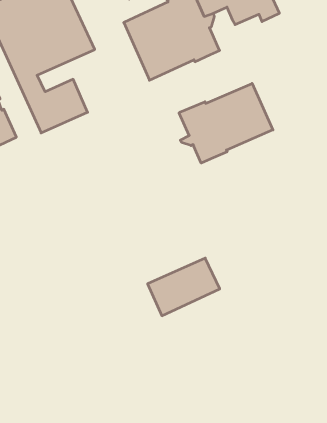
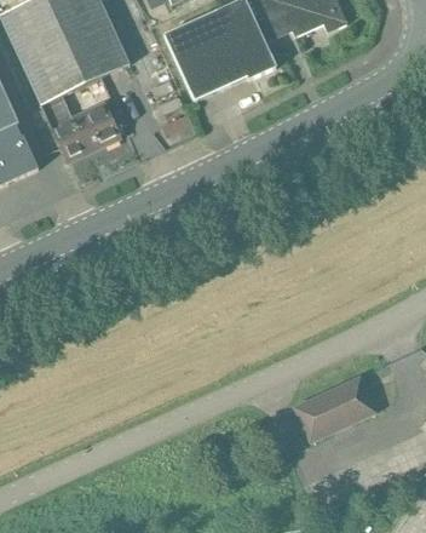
building: [179,83,273,163] -> none
building: [148,258,220,316] -> [292,374,376,442]

